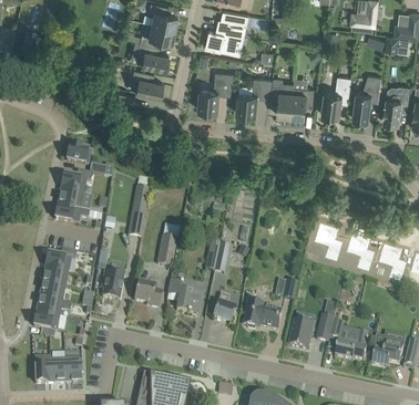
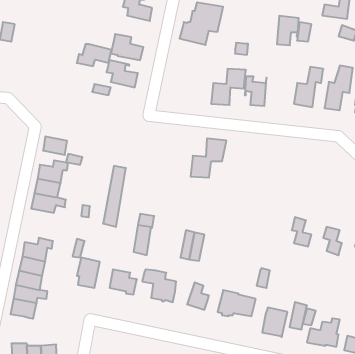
building: [139,23,174,45] -> [77,44,112,66]
building: [197,71,234,111] -> [191,138,226,178]
building: [290,86,313,116] -> [277,16,299,45]

